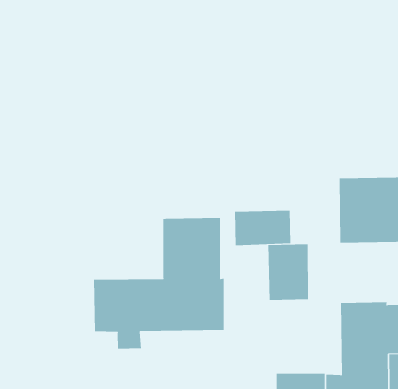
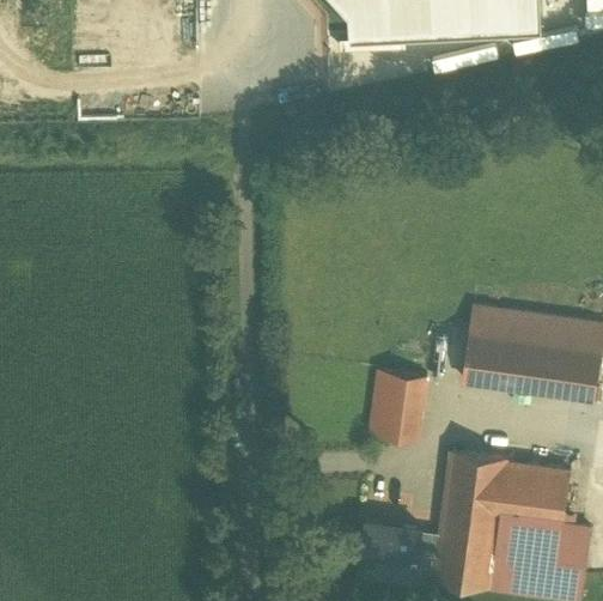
building: [234,210,291,246] -> none
building: [93,217,224,349] -> none

